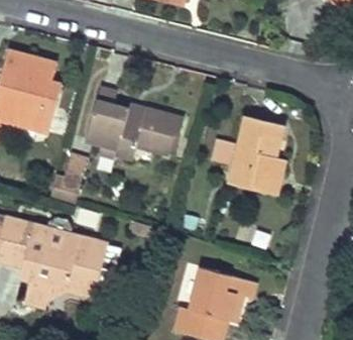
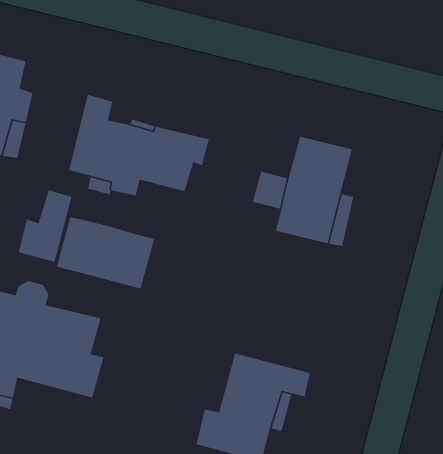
building: none -> [56,216,155,289]

